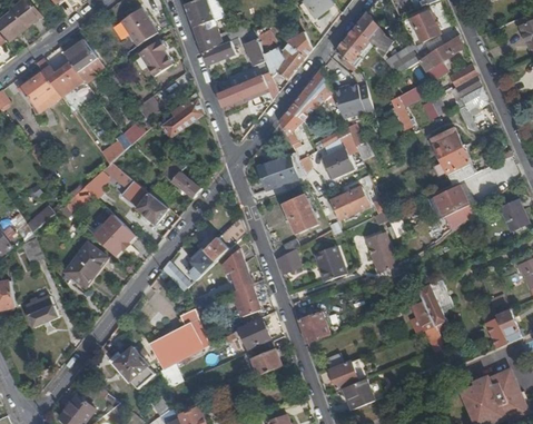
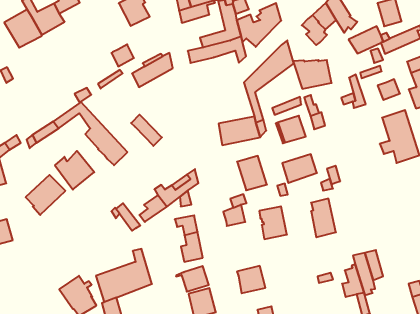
building: [434,185,467,215] -> none

